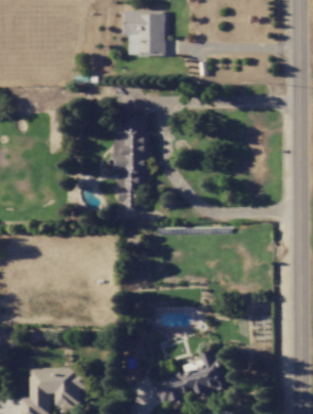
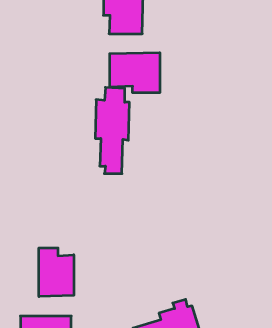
building: none -> [110,53,160,93]
building: none -> [39,248,74,297]

